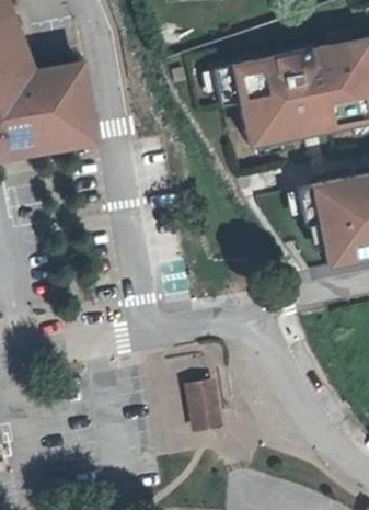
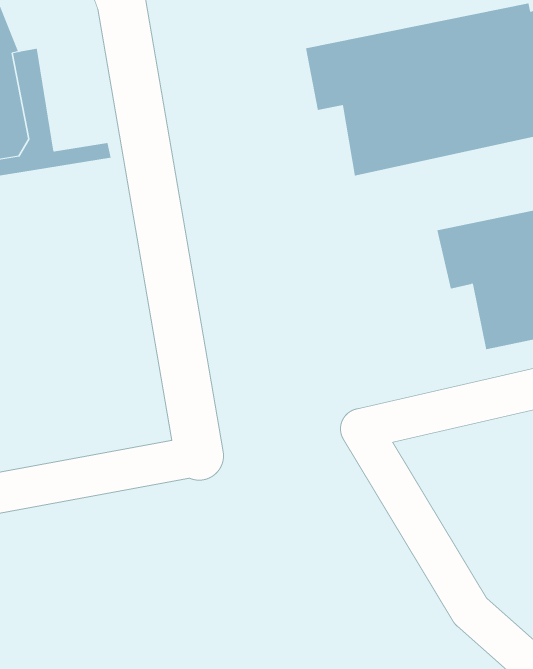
building: [46,61,92,134] -> none
building: [191,381,220,428] -> none

